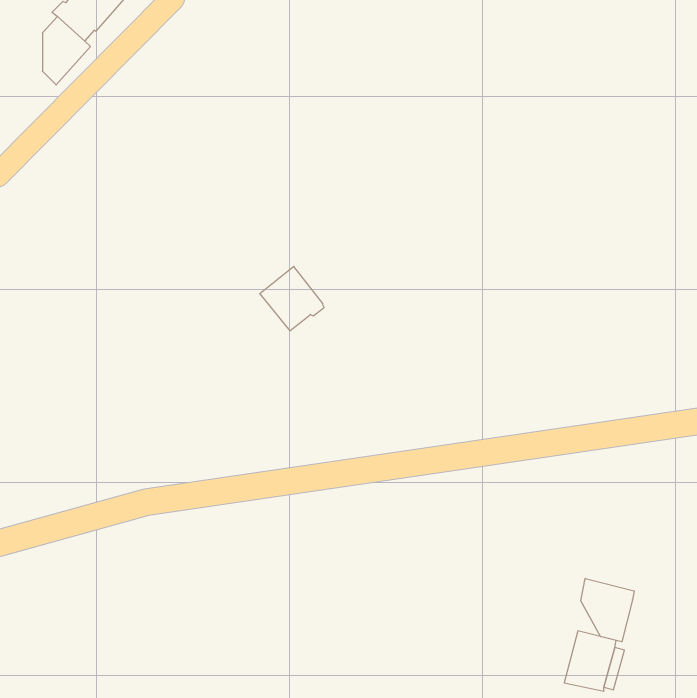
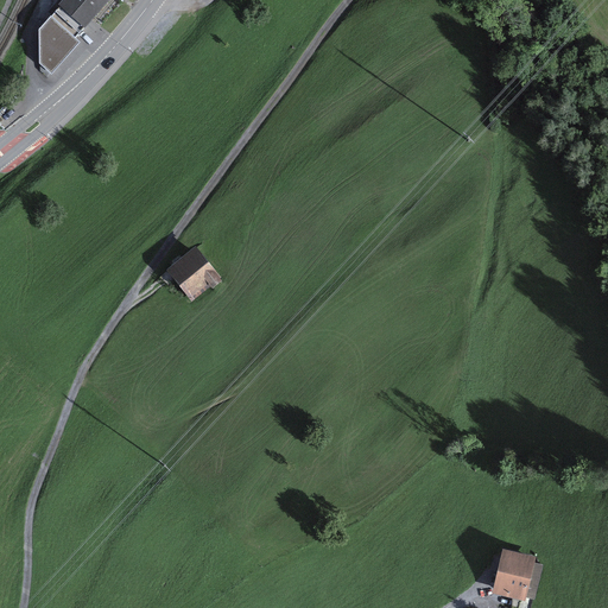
building: [260,266,324,331] -> [164,245,220,300]
building: [581,578,634,642] -> none

